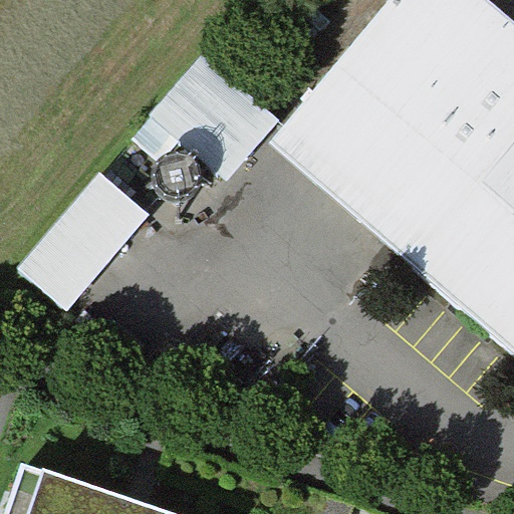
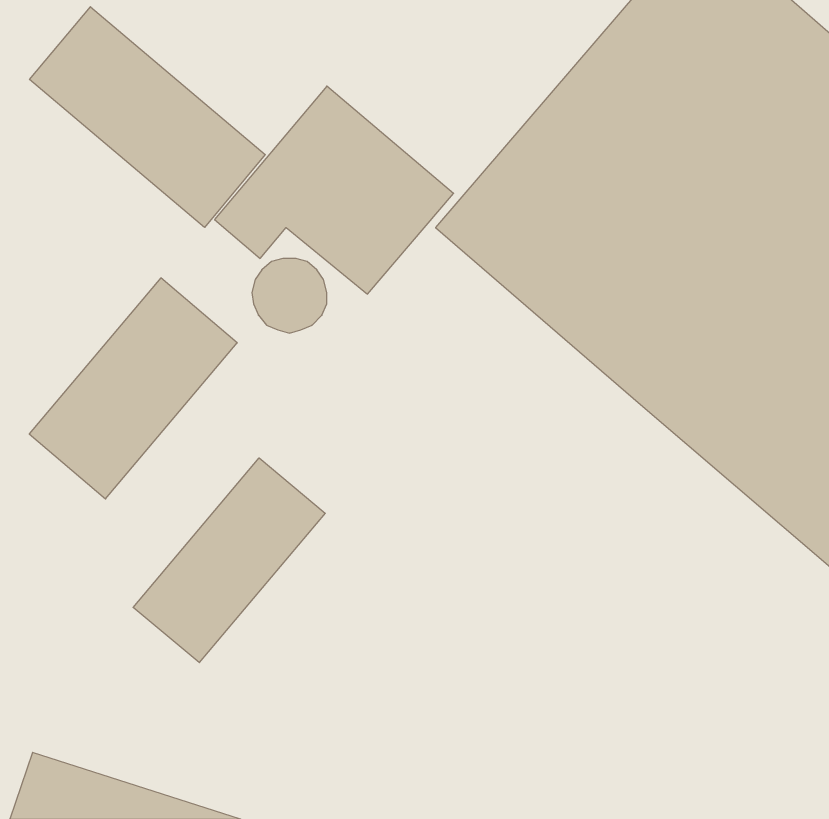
building: none -> [30,7,265,227]
building: none -> [133,458,325,663]

